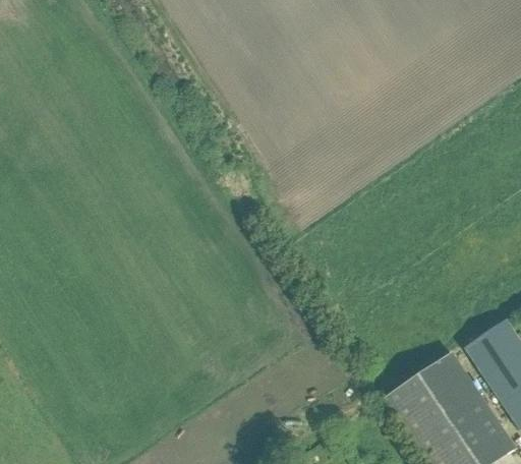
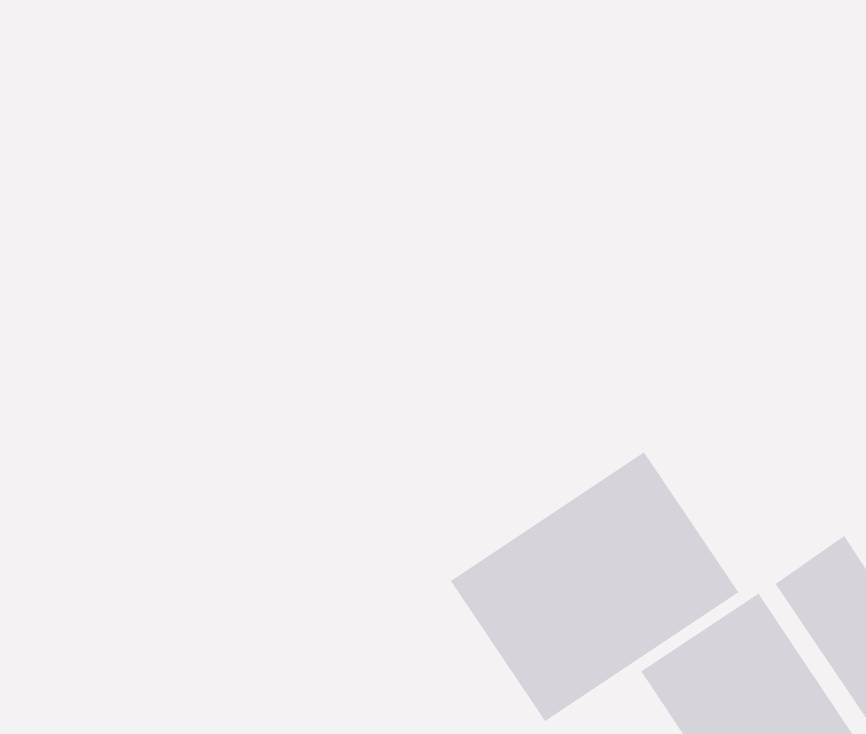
building: none -> [450,451,739,722]

